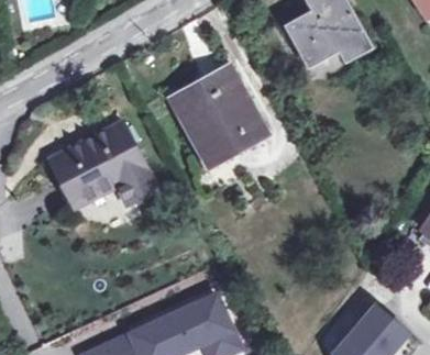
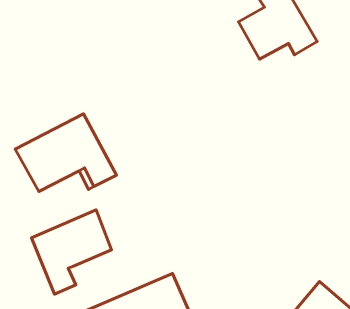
building: [174,68,266,166] -> none
building: none -> [31,210,112,294]

